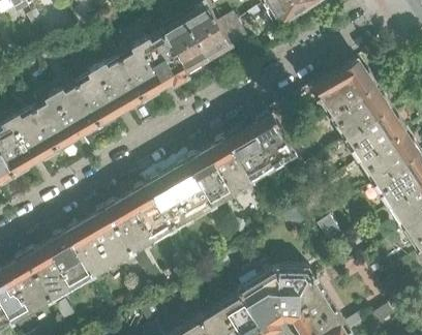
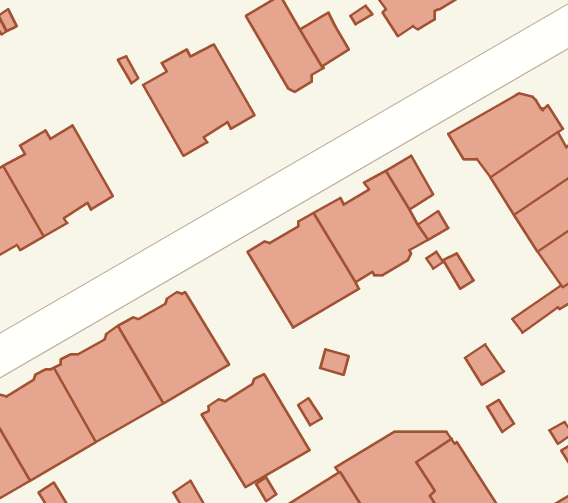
building: [159,14,208,75] -> none
building: [76,57,144,125] -> none
building: [145,159,211,229] -> [202,374,310,487]

